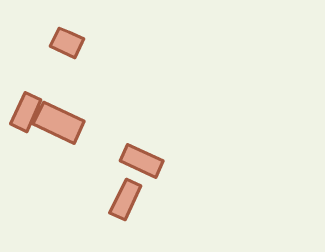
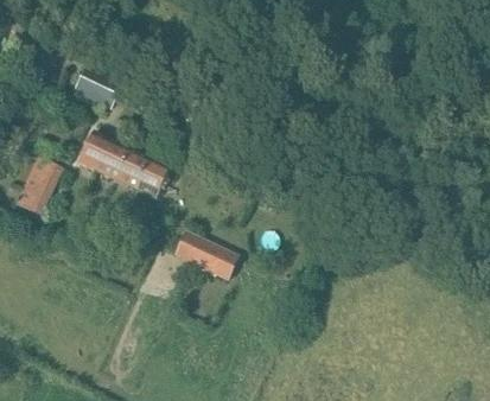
building: [33,102,84,144] -> [78,131,152,190]
building: [110,179,141,220] -> none

